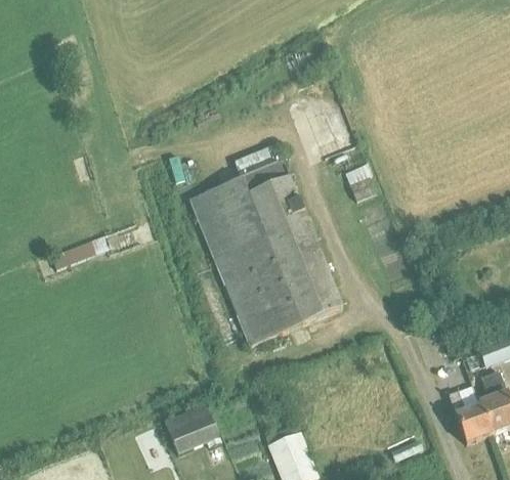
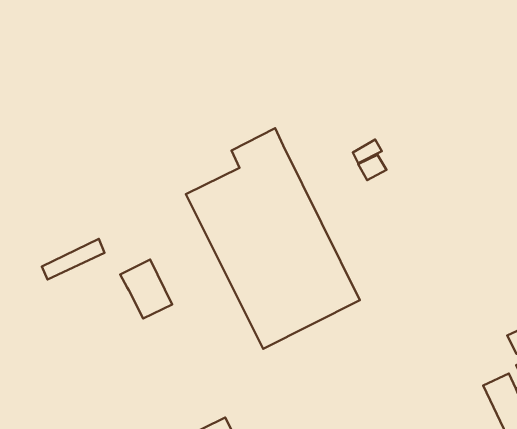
building: none -> [120,259,172,319]

